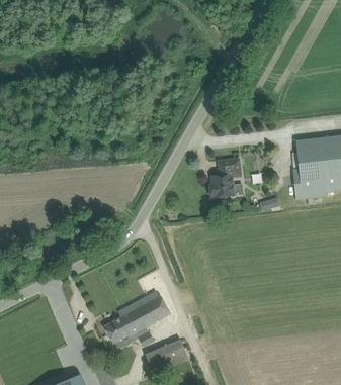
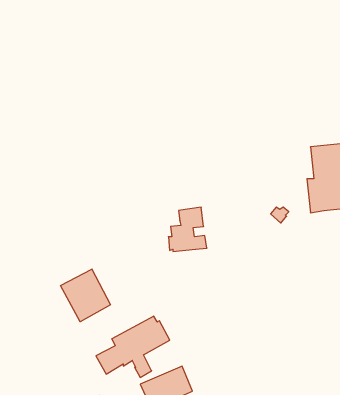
building: [209,159,244,198] -> [168,207,207,251]
building: none -> [61,269,110,322]

